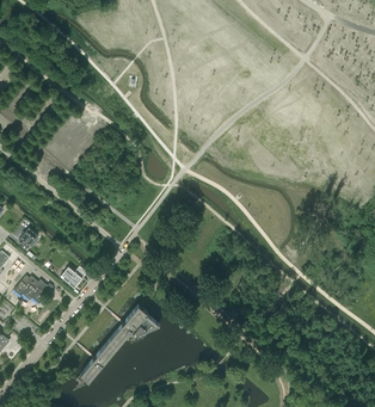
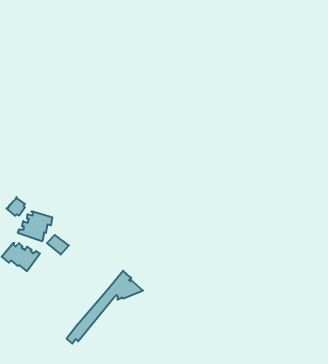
building: none -> [18,211,52,241]

